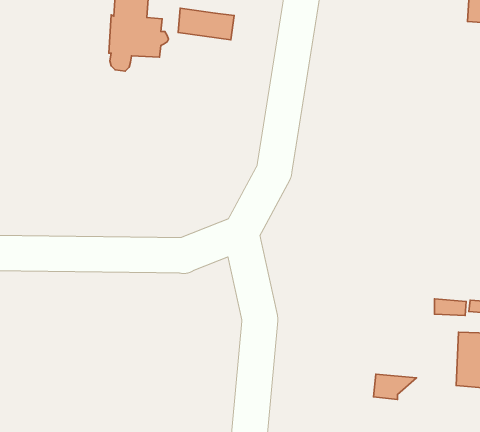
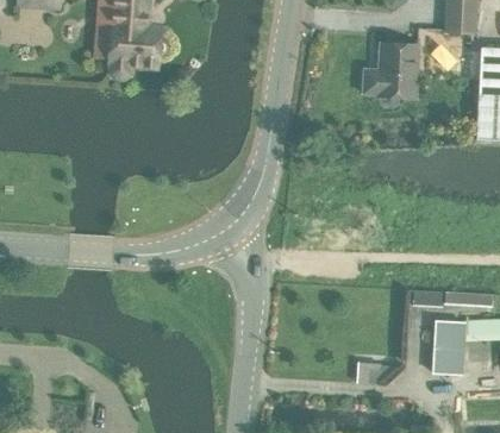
building: [178,8,234,40] -> none
building: none -> [363,43,419,98]

